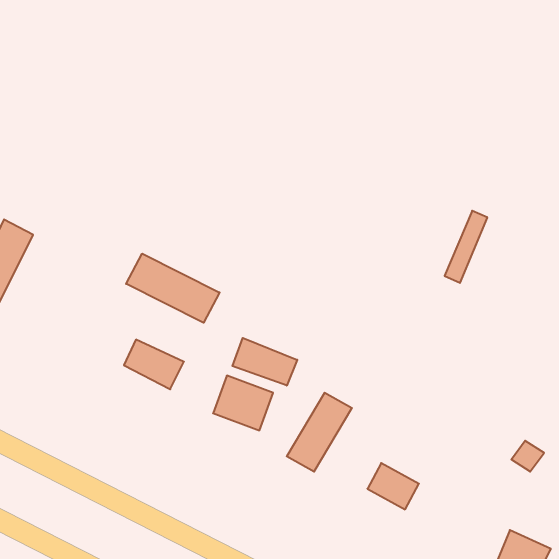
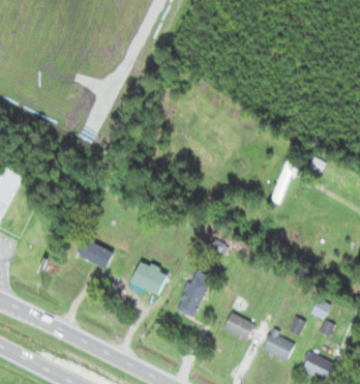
building: [126,254,220,323] -> none
building: [232,338,297,386] -> none
building: none -> [263,330,296,361]

